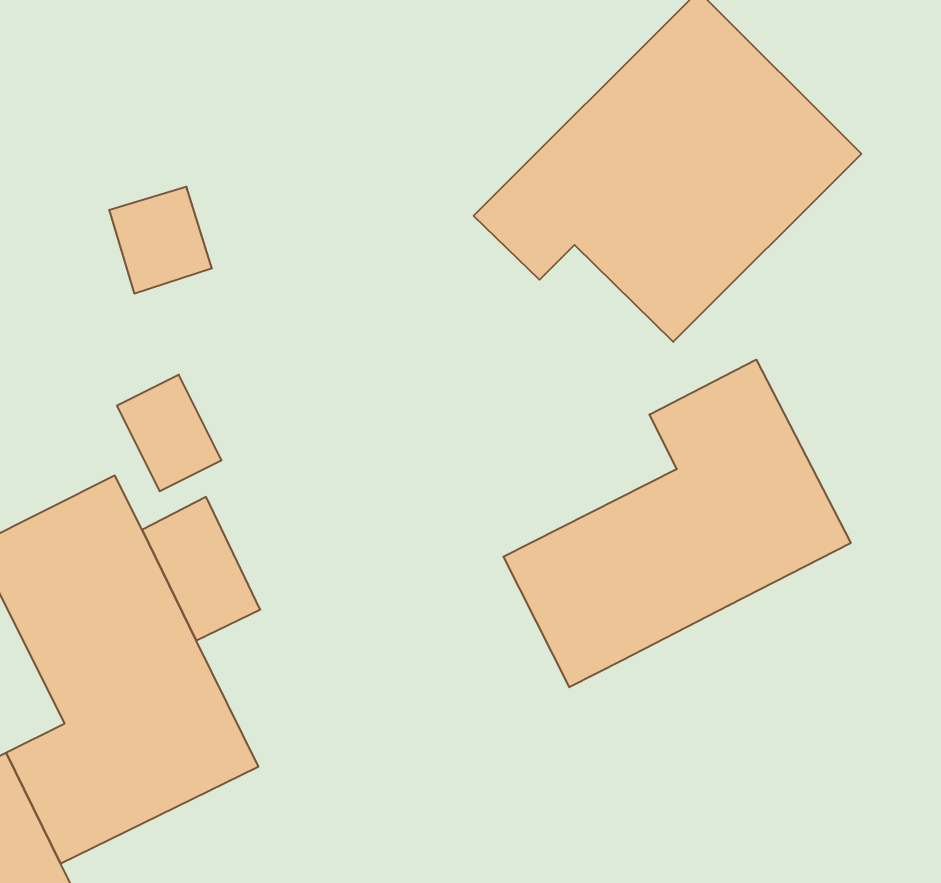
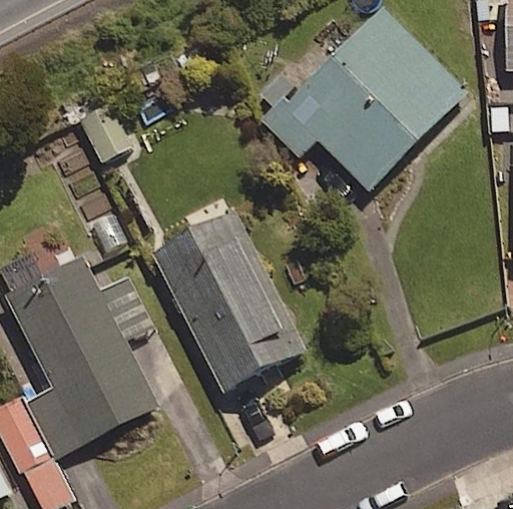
building: [503,360,851,687] -> none
building: none -> [152,208,303,389]

